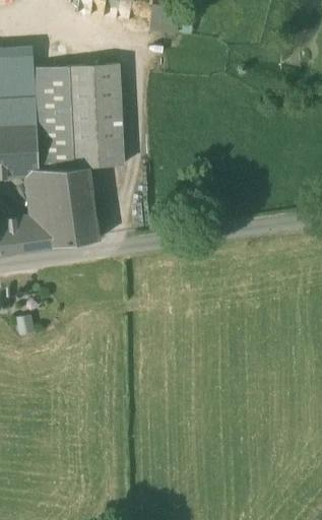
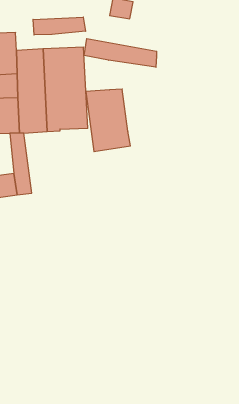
building: none -> [33,17,86,35]
building: none -> [84,39,157,67]
building: [44,169,100,247] -> [86,89,130,152]

